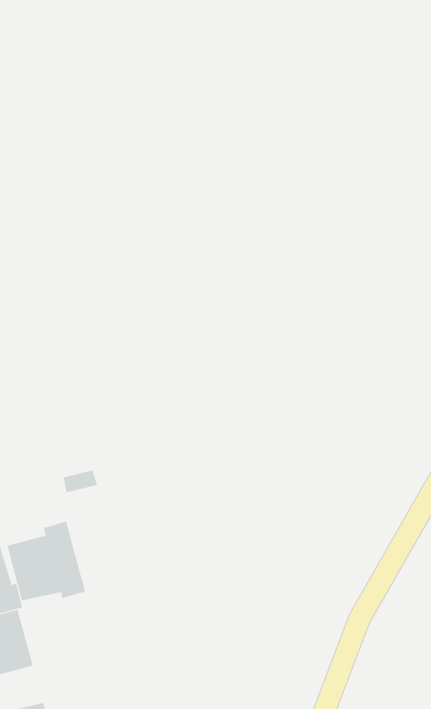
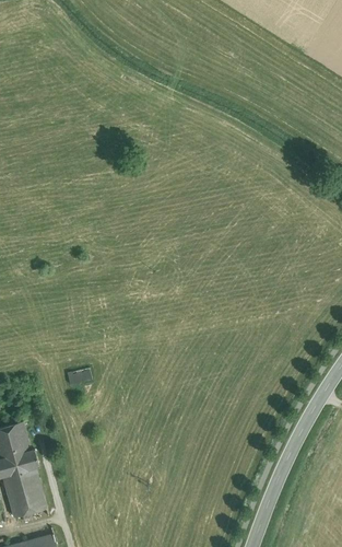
building: [7,521,85,601] -> none

